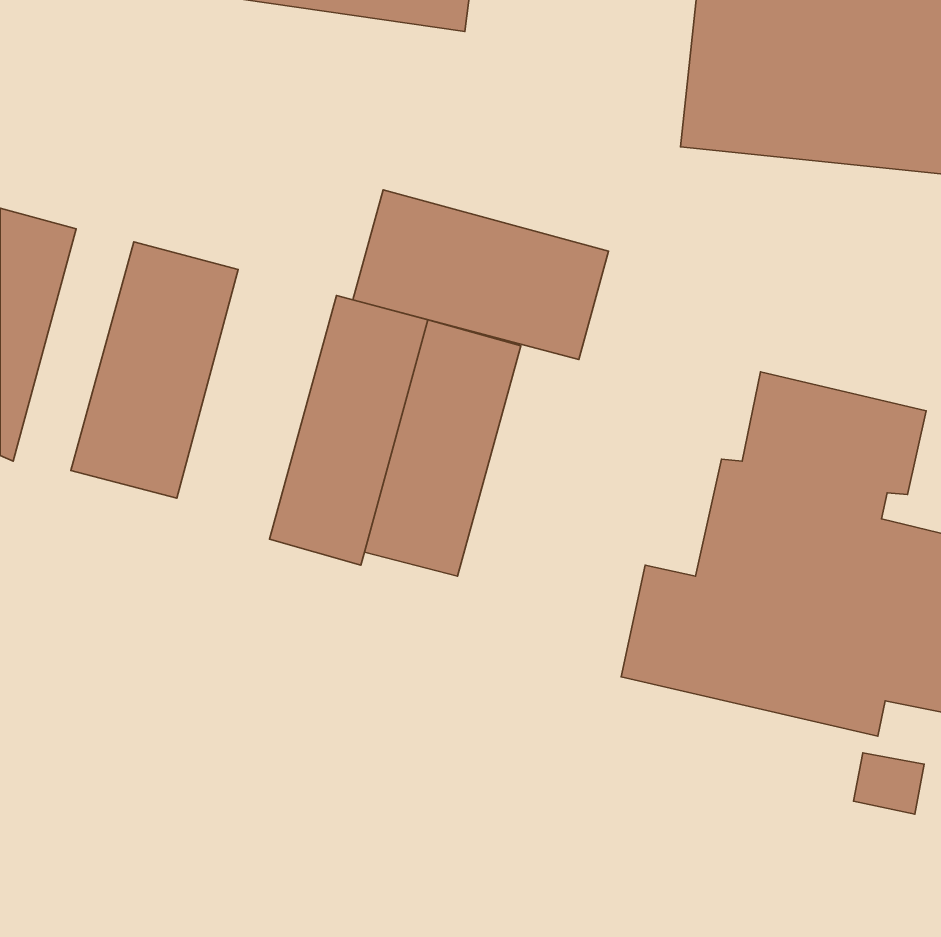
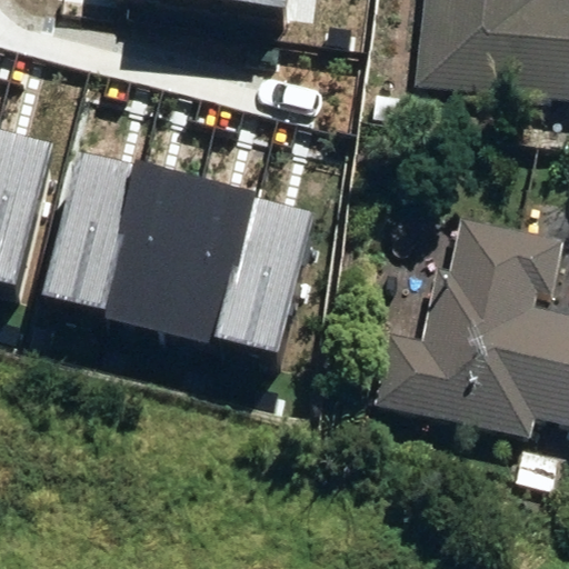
building: [353,190,608,359] -> none
building: none -> [108,161,207,322]

